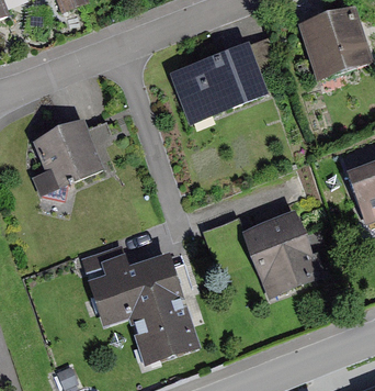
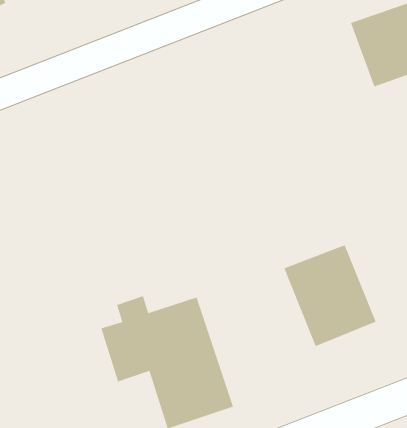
building: [170,38,270,122] -> none
building: [32,120,104,194] -> none

